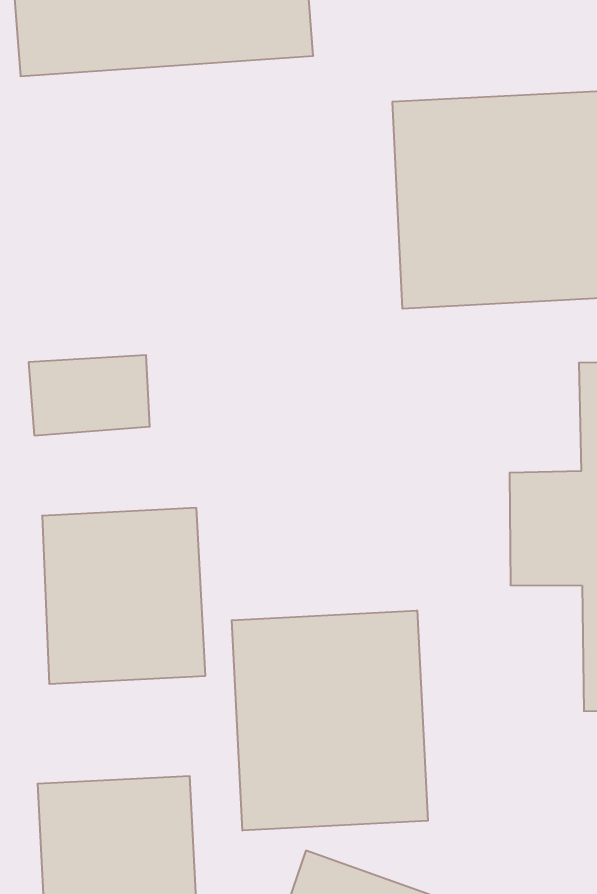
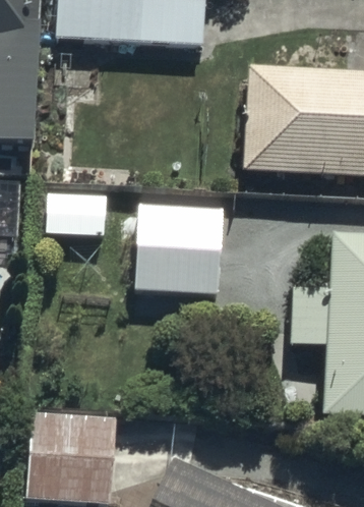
building: [42,508,205,684] -> [135,205,220,295]
building: [232,610,428,831] -> none

